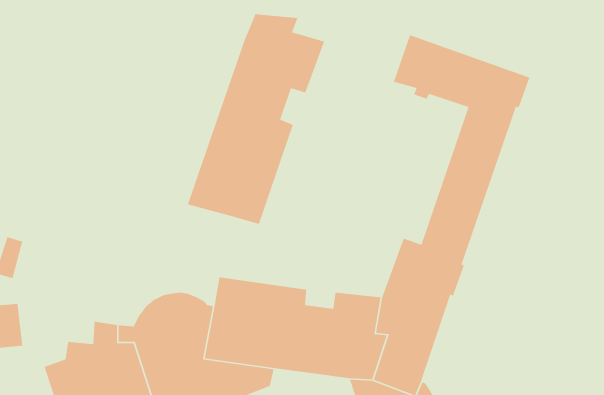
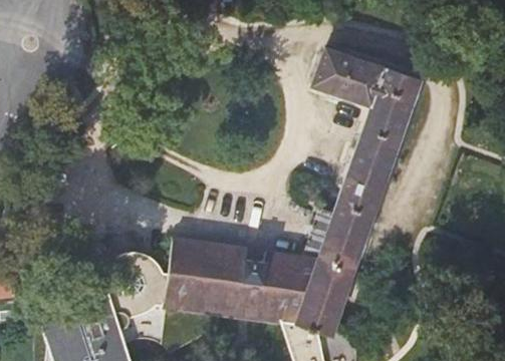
building: [187,14,325,225] -> none

